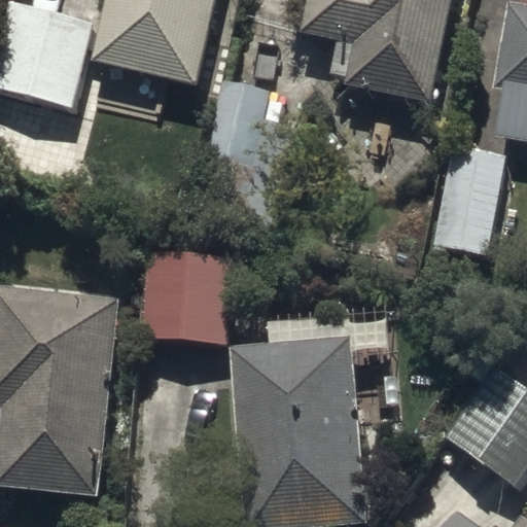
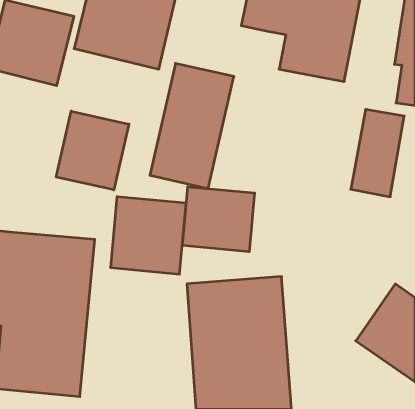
building: none -> [56,111,129,190]
building: none -> [182,187,255,252]

